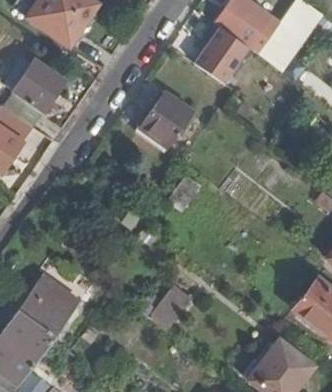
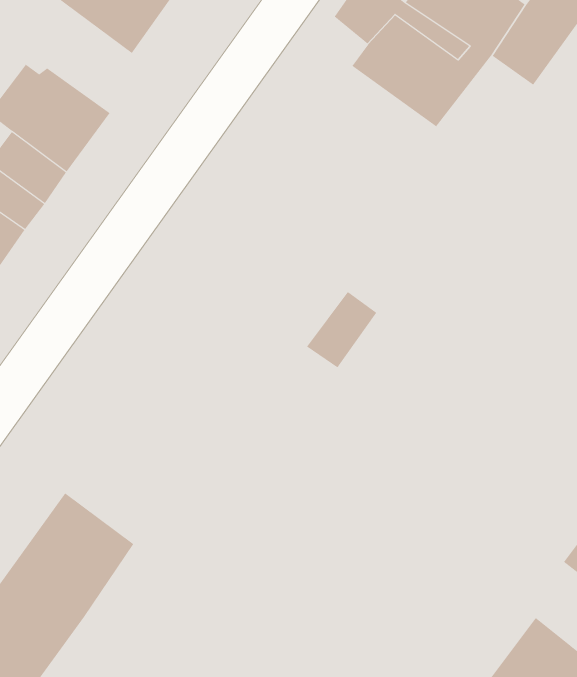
building: [137,91,195,150] -> none
building: [147,281,194,330] -> none

